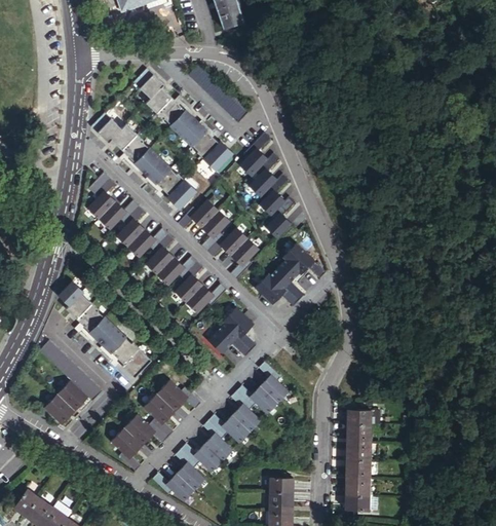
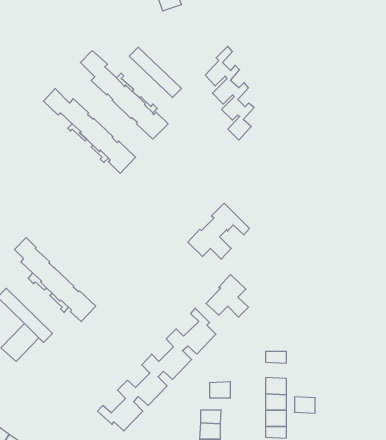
building: [239,133,295,239] -> [205,46,254,140]
building: [87,173,227,313] -> none
building: [179,199,259,279] -> none
building: [207,308,256,356] -> [206,275,249,317]
building: [110,380,201,472] -> none
building: [344,424,368,443] -> [294,397,315,413]
building: none -> [210,381,230,398]

